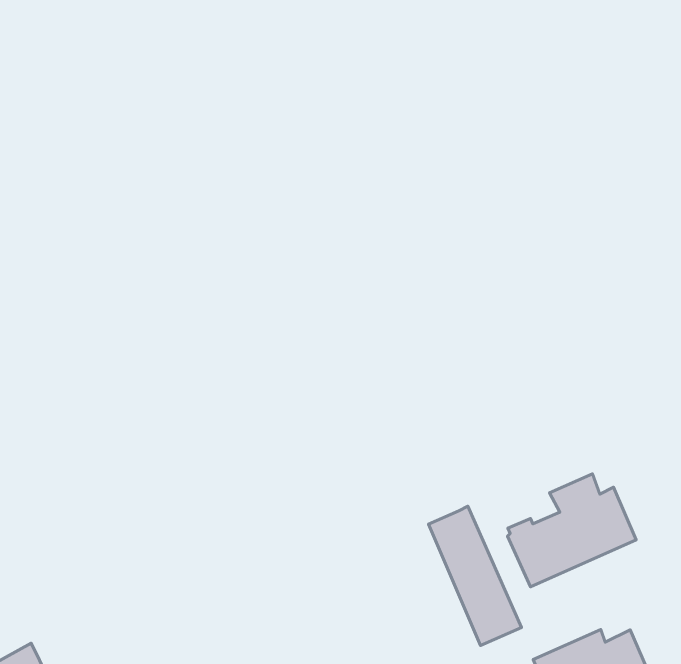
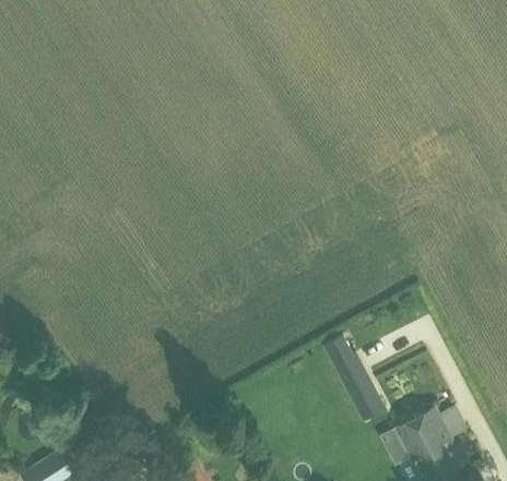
building: [508,474,636,587] -> none

